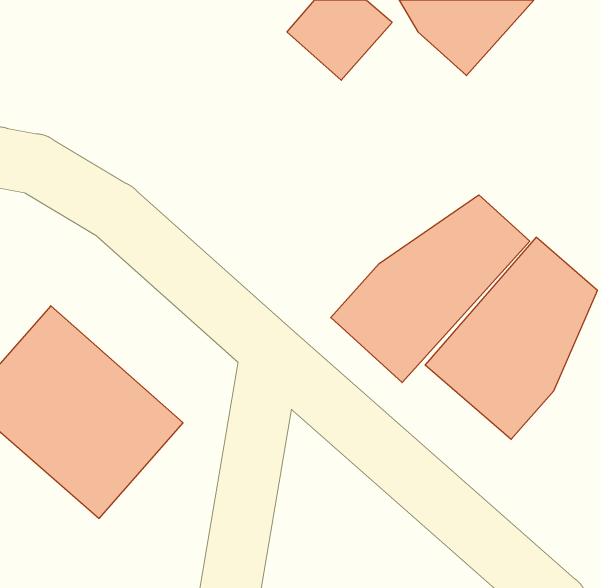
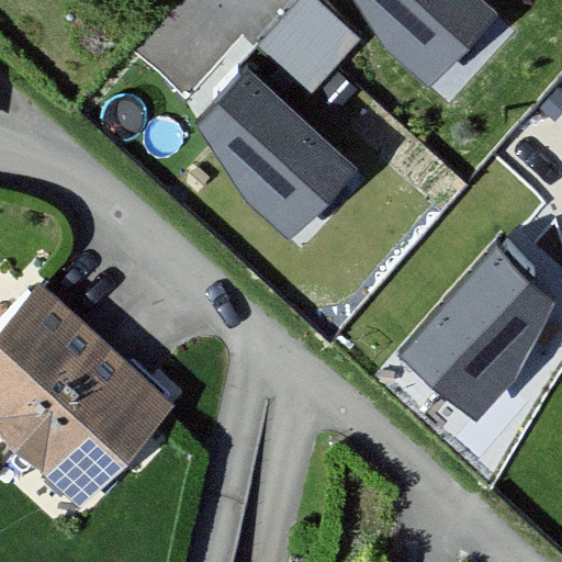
building: none -> [198,60,366,245]
building: [331,195,530,383] -> none

